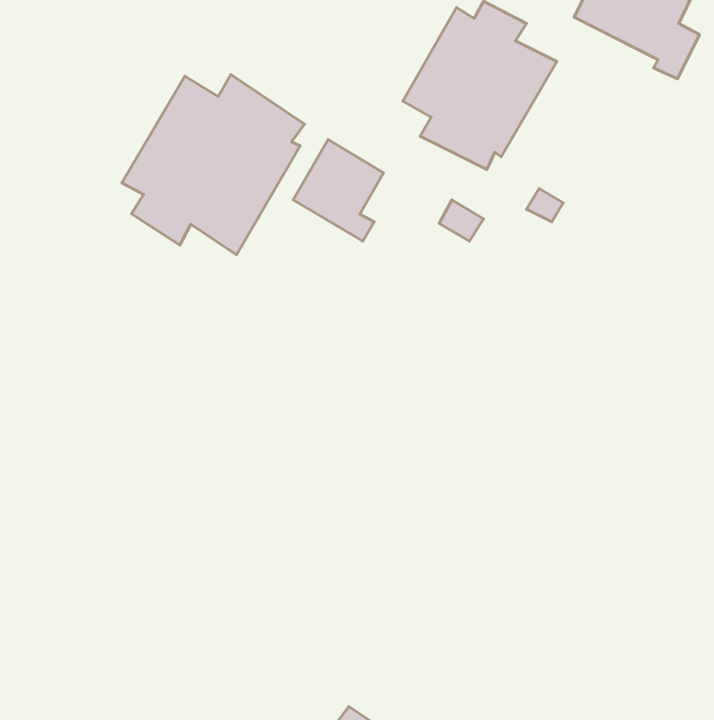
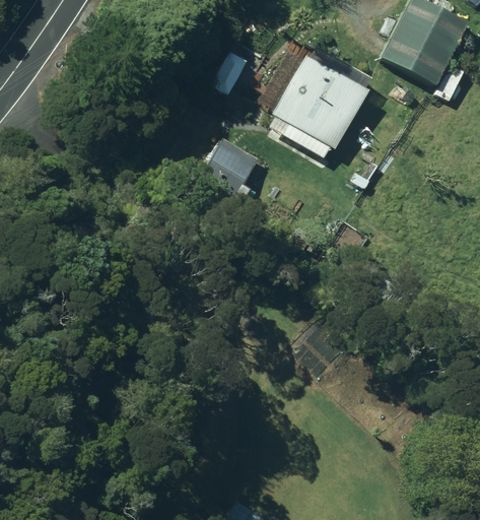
building: [122,75,305,255] -> none

